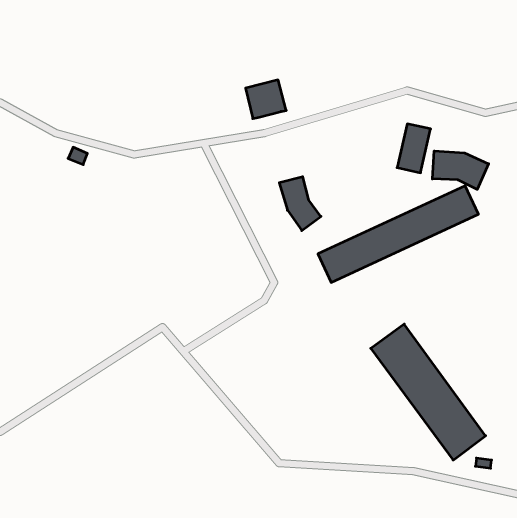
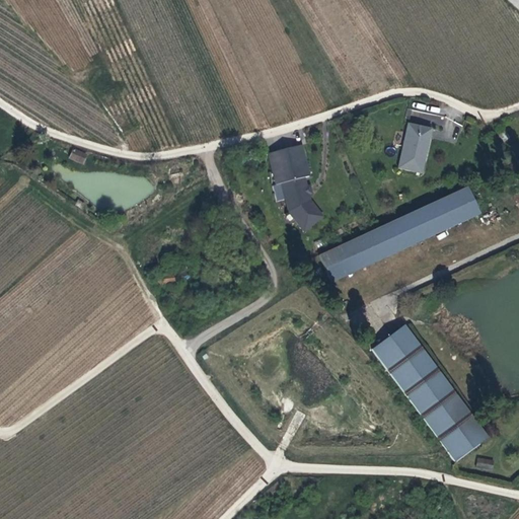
building: [246,80,286,119] -> [269,145,309,183]
building: [432,151,489,189] -> none

